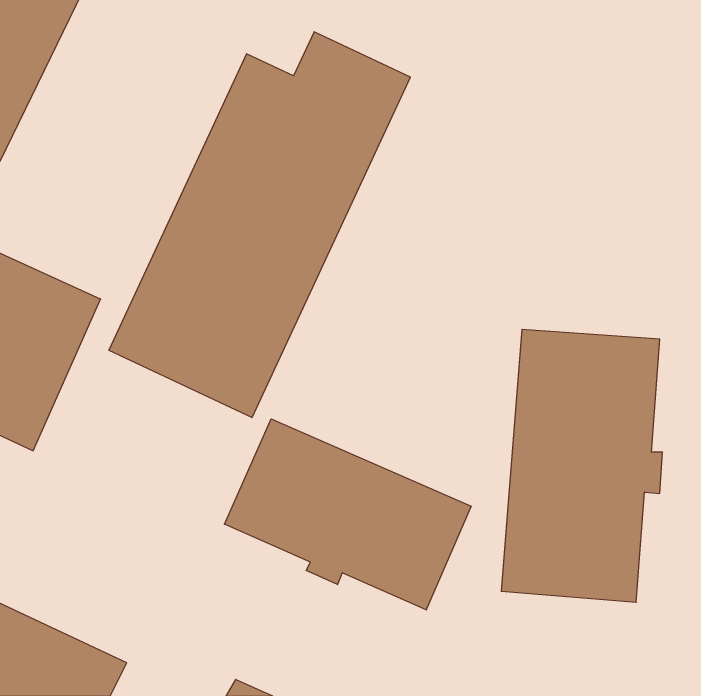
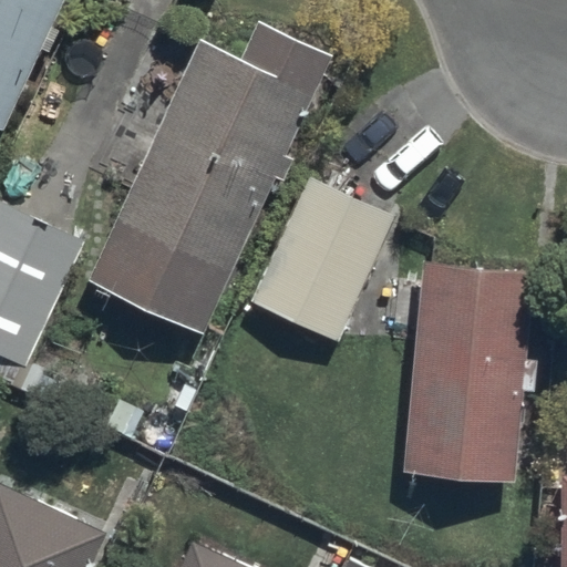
building: none -> [247,173,398,343]
building: [224,419,471,610] -> none

